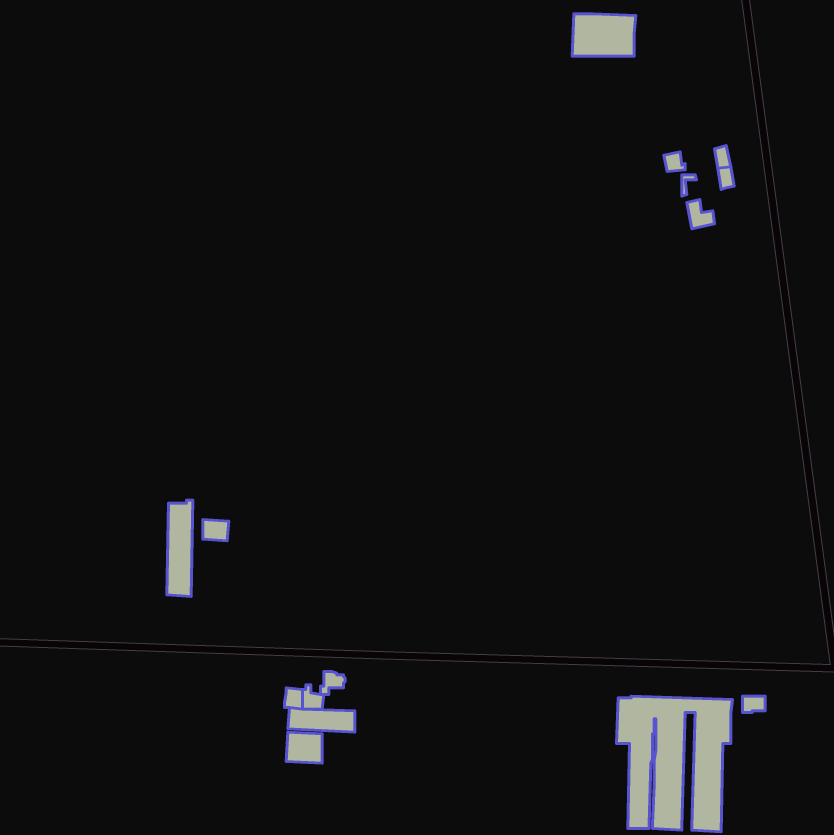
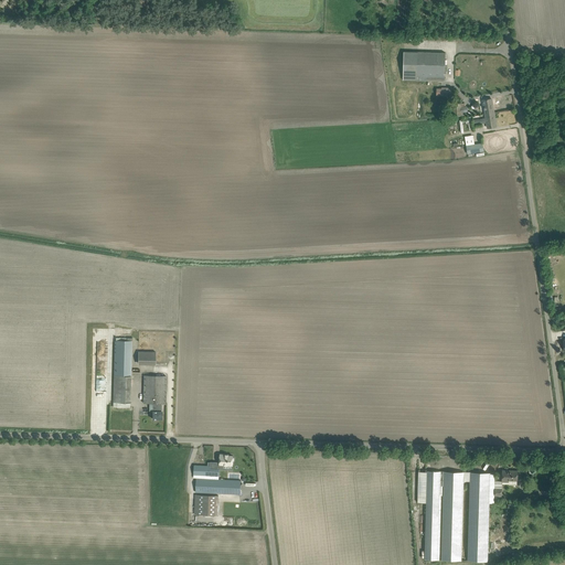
building: [572,14,636,56] -> [402,52,445,81]
building: none -> [142,375,164,419]

